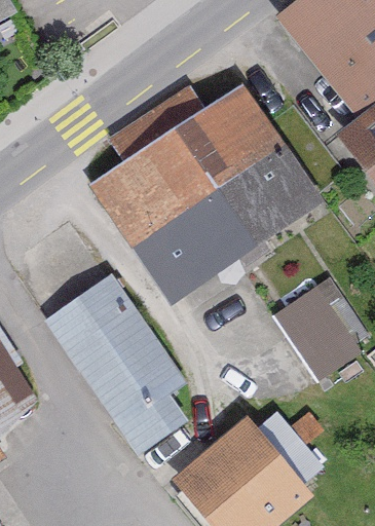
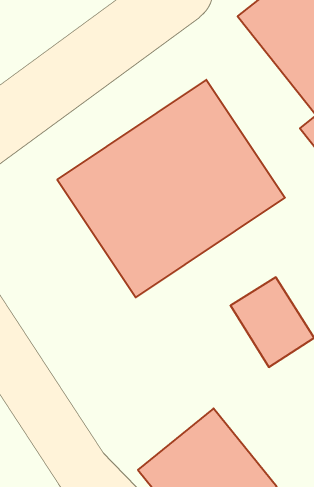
building: [48,277,187,438] -> none

